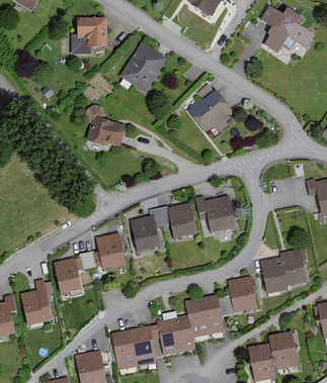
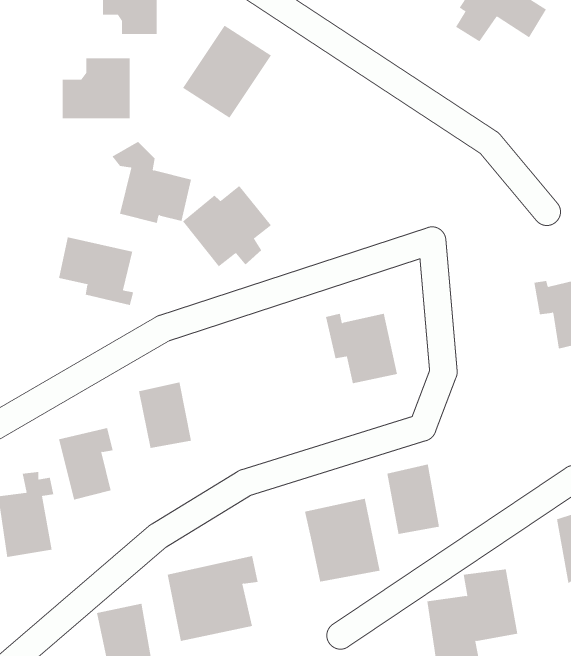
building: none -> [62,58,130,119]
building: [185,90,233,133] -> [182,185,272,267]
building: none -> [58,236,134,306]
building: [167,203,196,237] -> none
building: [130,215,161,254] -> none
building: [259,248,306,293] -> none
building: [156,314,194,355] -> none

